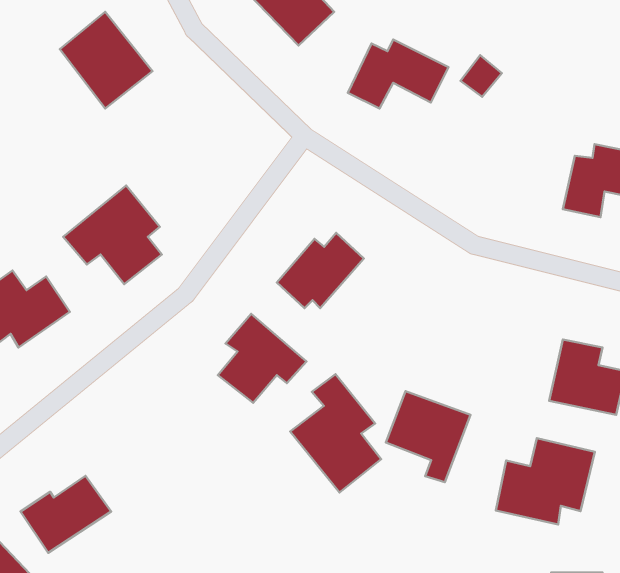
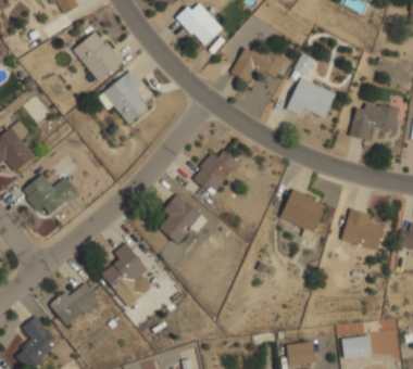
building: none -> [285,77,337,118]
building: [63,185,162,284] -> [96,68,150,123]
building: [290,374,381,493] -> [101,242,151,307]
building: [386,391,471,482] -> [279,190,326,240]
building: [496,438,595,525] -> none

